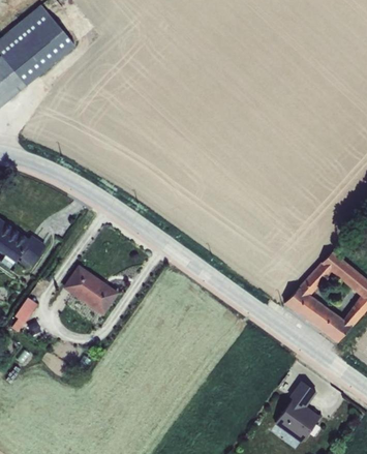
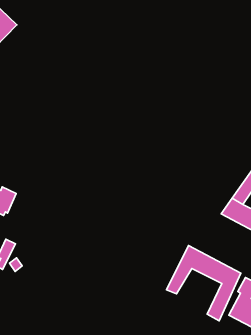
building: [62,265,119,315] -> none
building: none -> [166,246,241,321]

